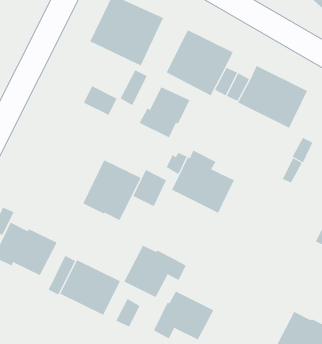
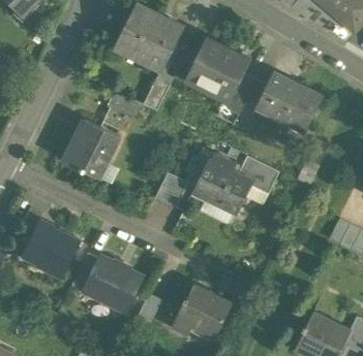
building: [139,86,190,138] -> none
building: none -> [239,158,280,196]
building: [82,159,141,221] -> [63,120,120,179]
building: [124,245,187,298] -> none

